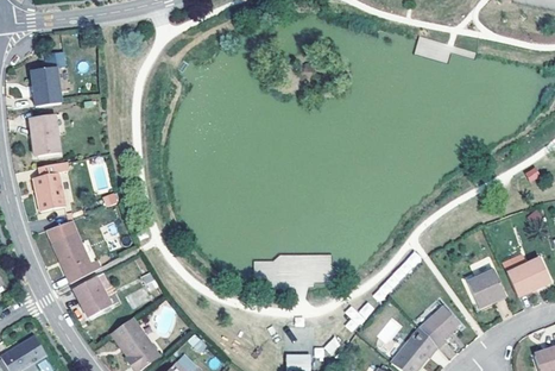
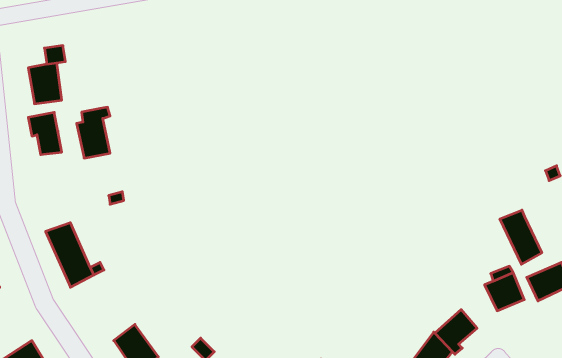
building: [33,163,65,212] -> [77,107,110,158]
building: none -> [500,210,542,264]
building: [72,277,111,317] -> none

